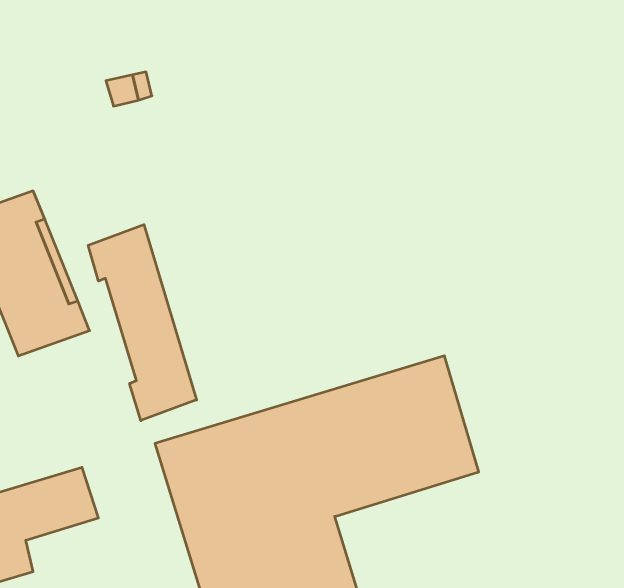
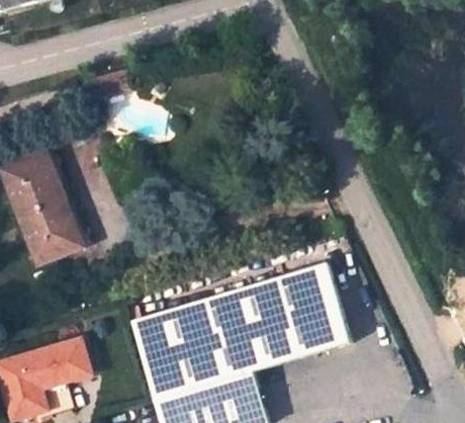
building: [88,225,197,421] -> none

